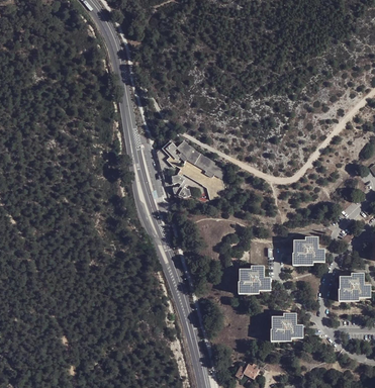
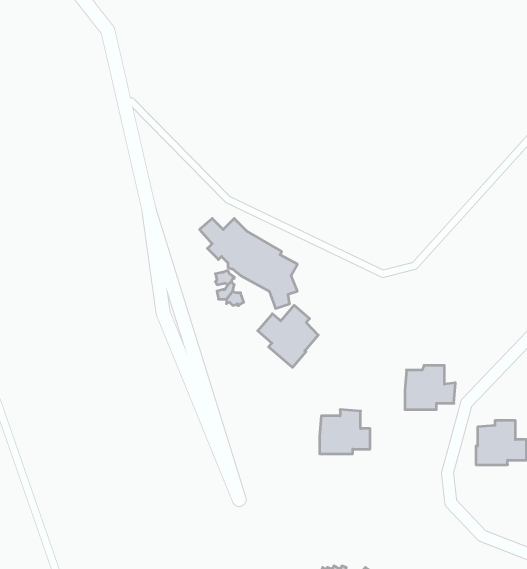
building: none -> [258,305,318,367]
building: [271,312,303,341] -> none

